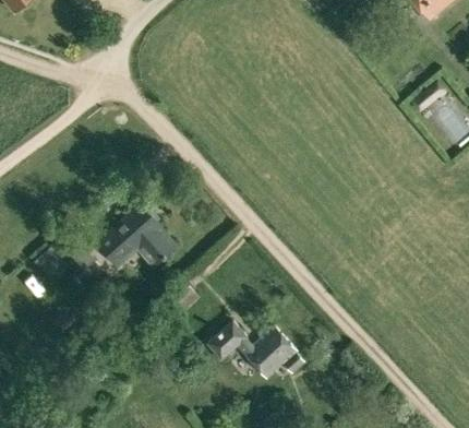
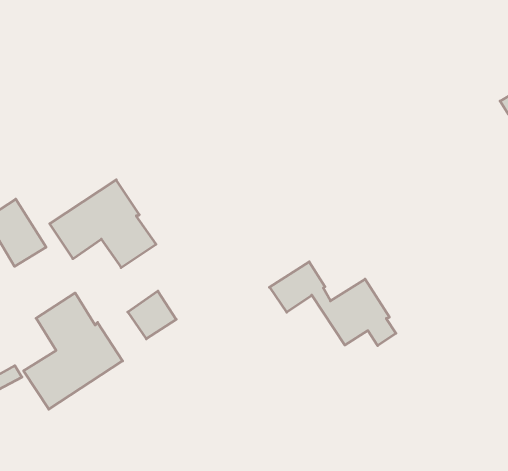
building: none -> [24,293,123,409]
building: [206,321,303,378] -> [269,262,396,346]

